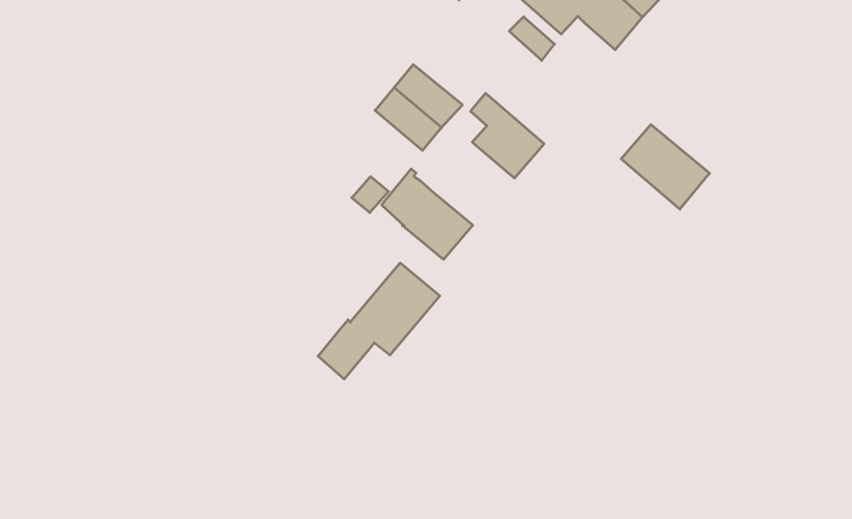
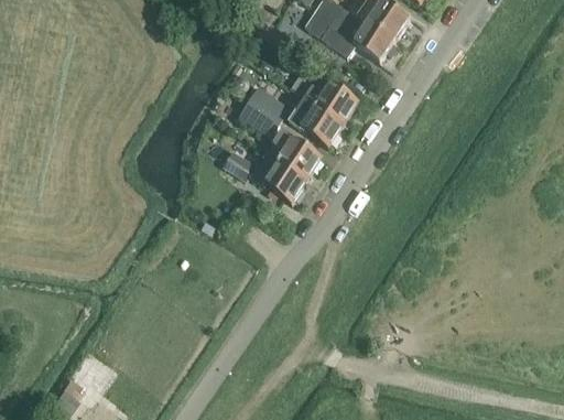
building: [621,125,710,209] -> [304,72,359,121]
building: none -> [267,128,322,176]
building: [318,263,440,379] -> none

